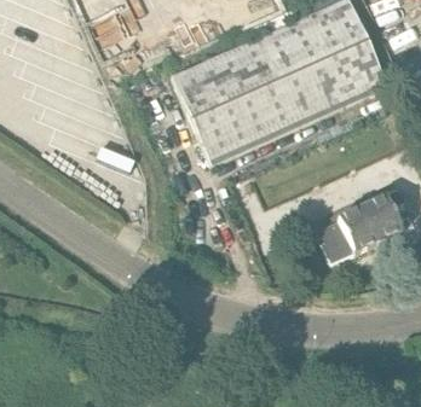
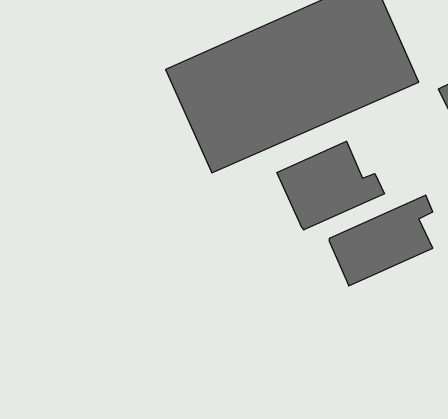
building: none -> [277,141,384,230]

